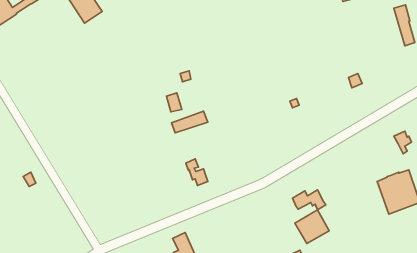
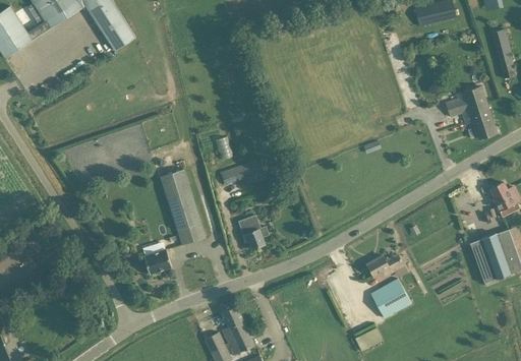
building: none -> [444,85,497,139]
building: none -> [160,168,205,244]
building: none -> [141,245,171,274]

